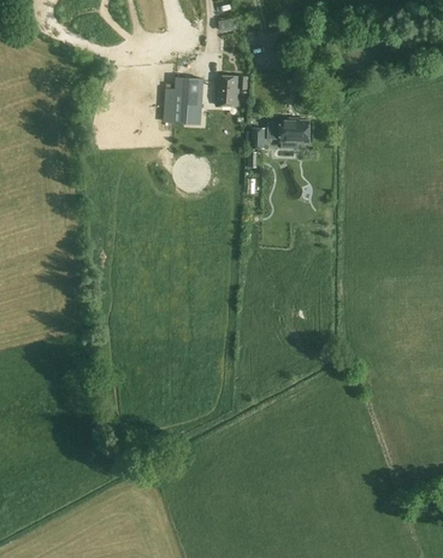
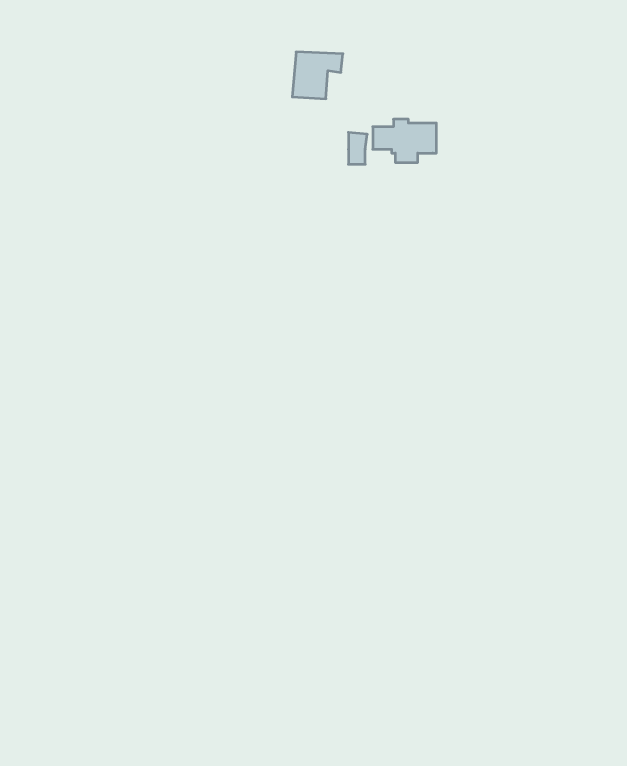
building: [173,76,202,113] -> none

